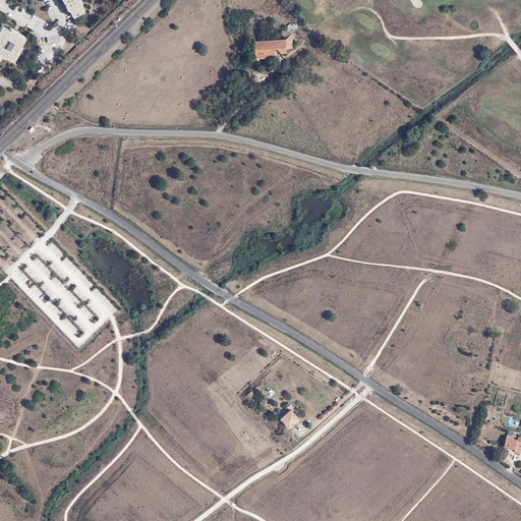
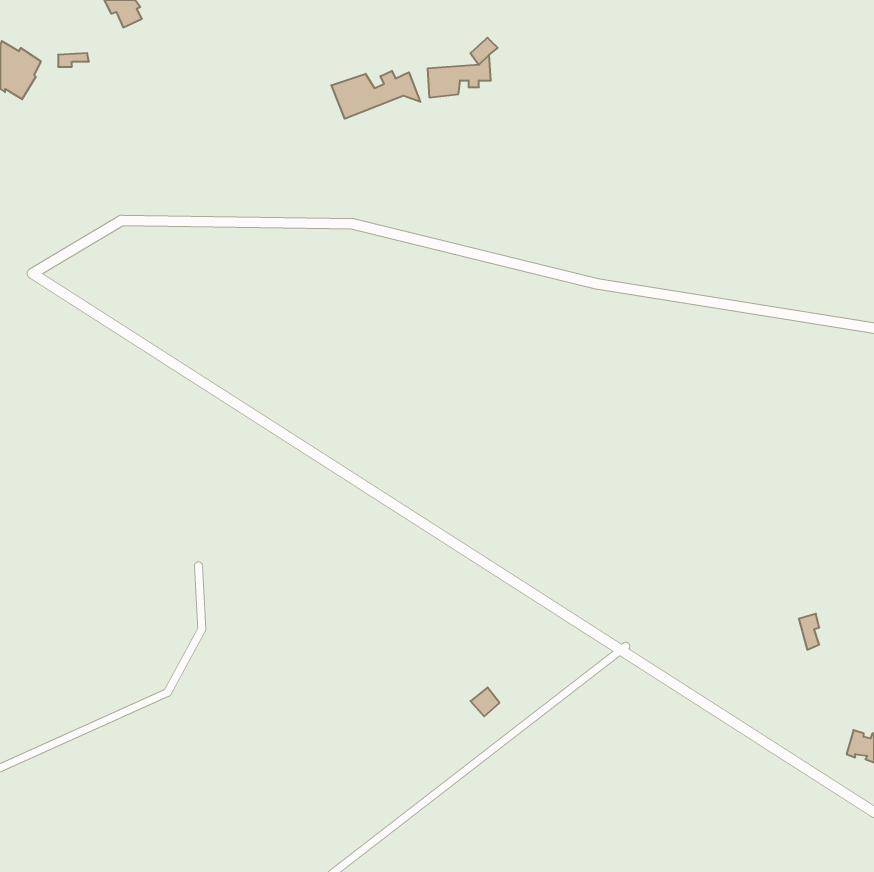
building: none -> [331,71,420,119]

